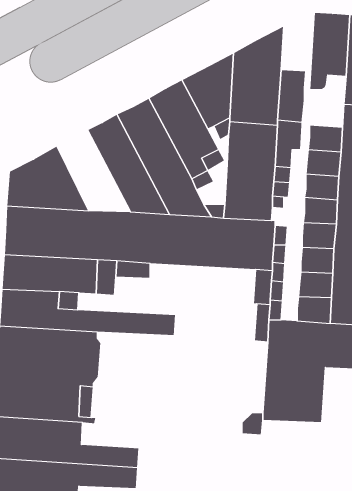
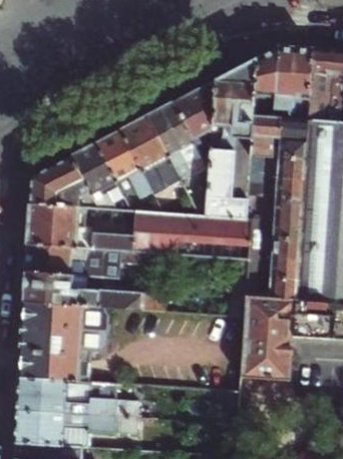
building: none -> [254,45,277,93]
building: none -> [276,96,307,139]
building: none -> [70,141,130,208]

